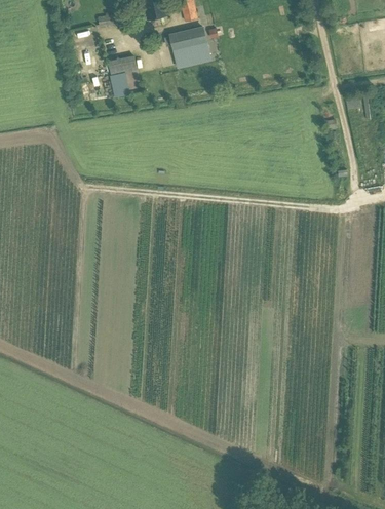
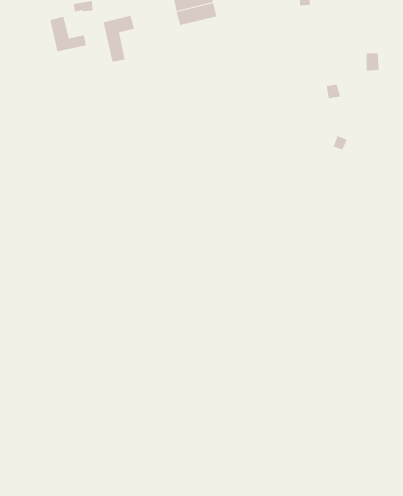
building: none -> [50,16,86,52]

